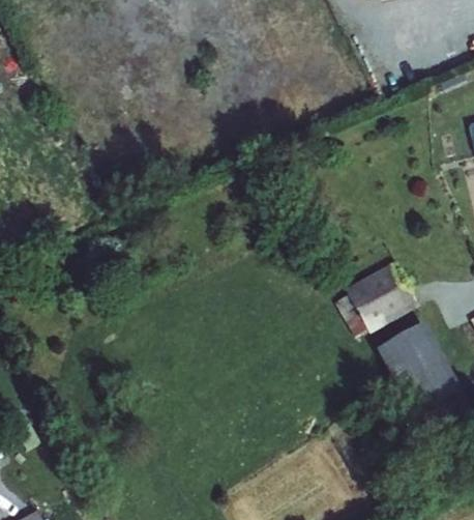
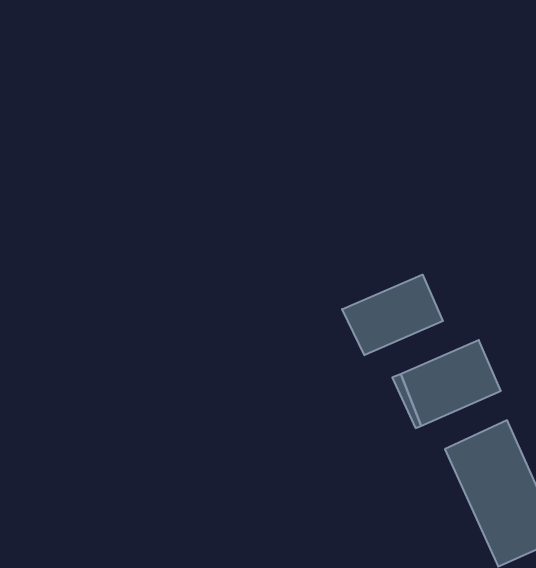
building: none -> [342,275,443,355]

